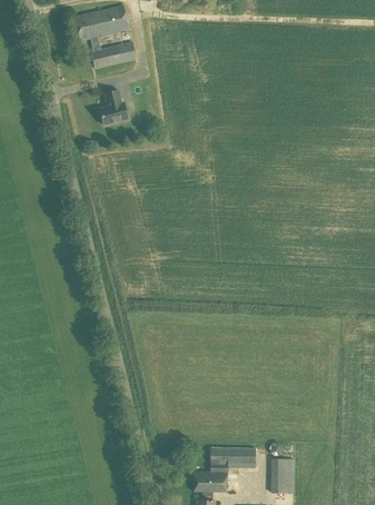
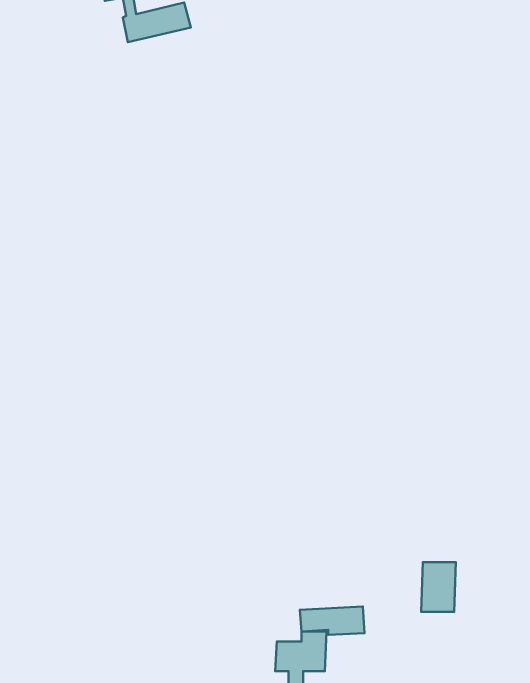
building: [99,89,127,123] -> none
building: [270,458,294,492] -> [421,562,456,612]

